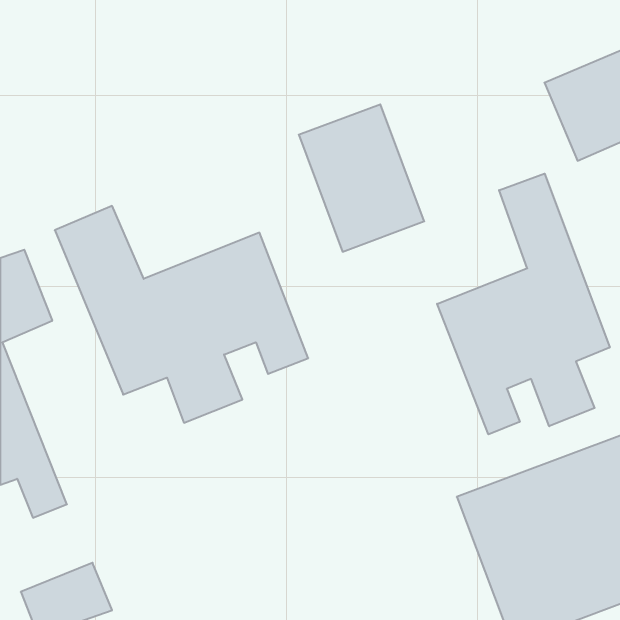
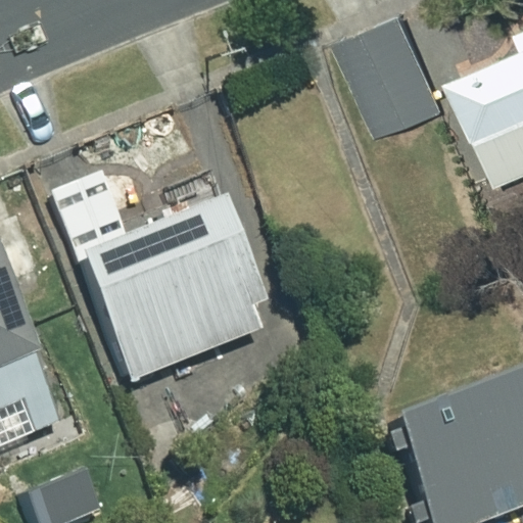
building: [299,104,424,252] -> [341,14,446,138]
building: [437,174,610,434] -> none

